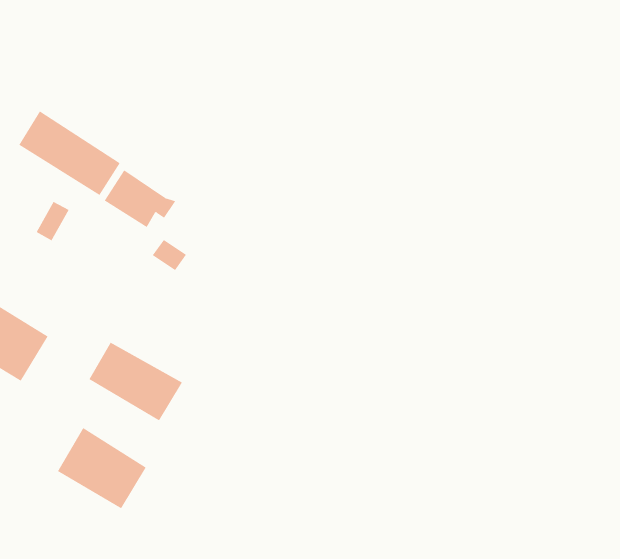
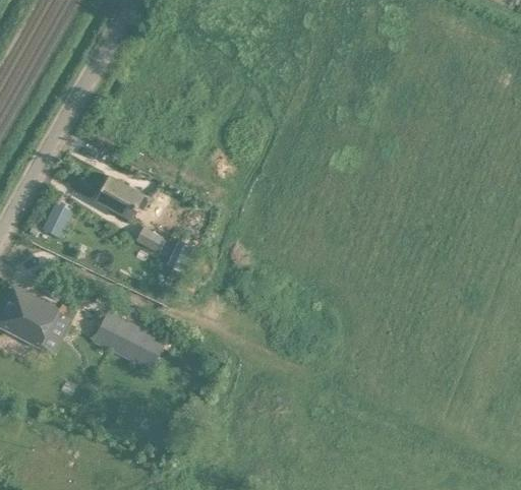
building: [19,110,121,196] -> none
building: [57,427,147,509] -> none

